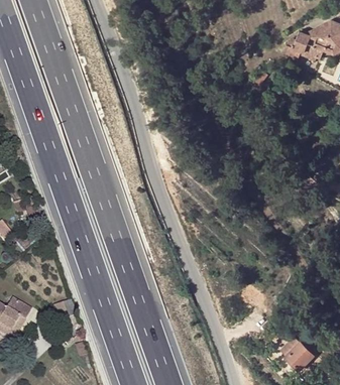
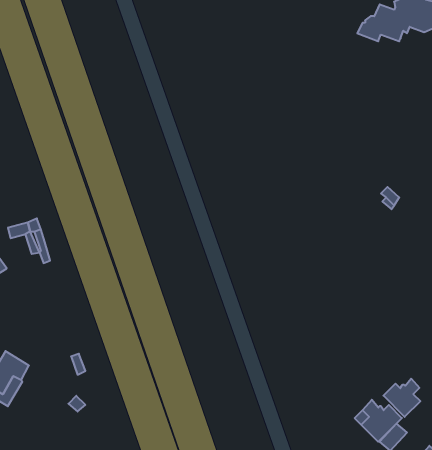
building: none -> [383,379,420,417]

